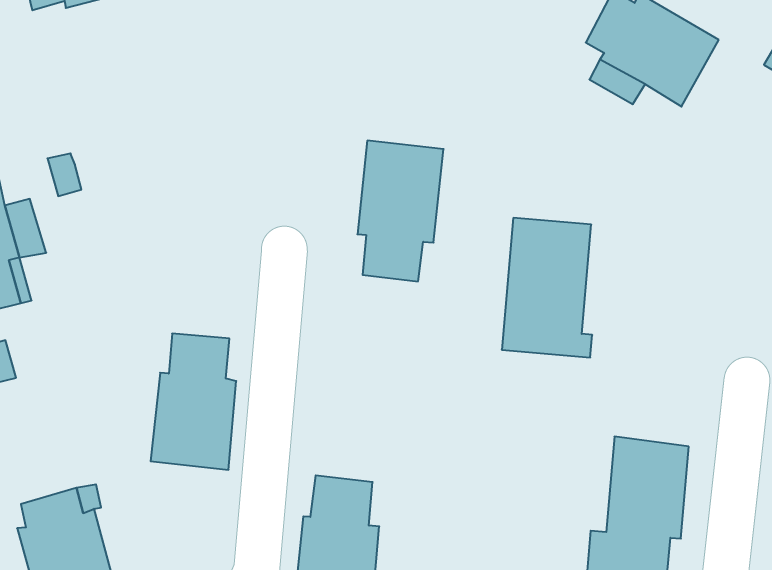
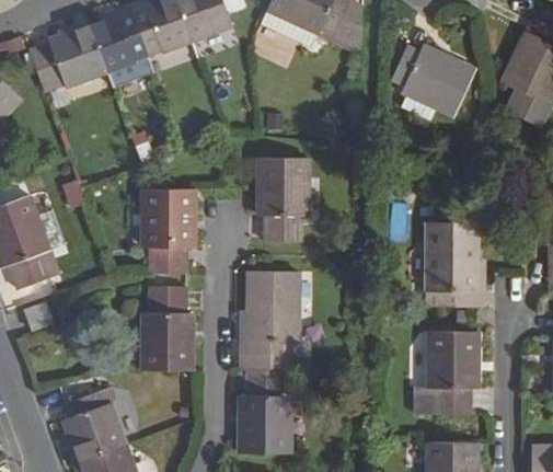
building: none -> [142,188,192,273]
building: [502,218,592,357] -> [426,221,482,304]
building: none -> [239,272,296,370]

